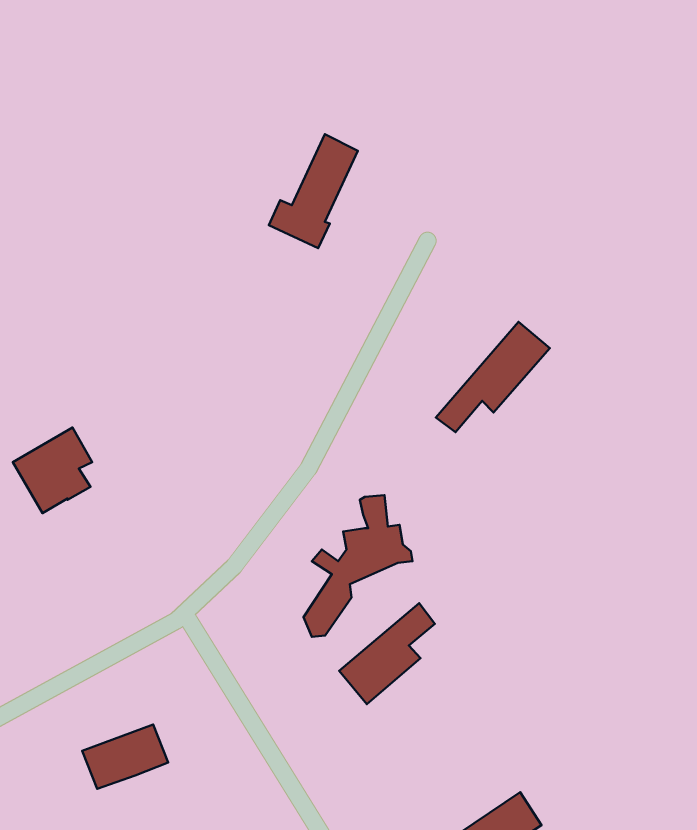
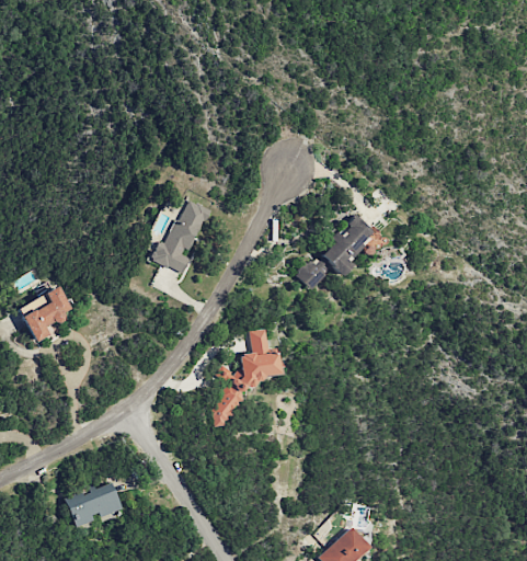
building: [269,134,358,248] -> [150,198,209,274]
building: [339,603,435,704] -> none

